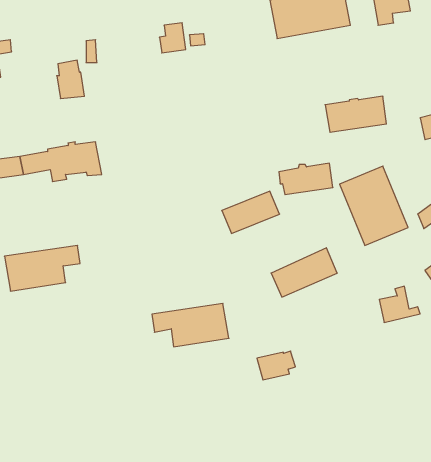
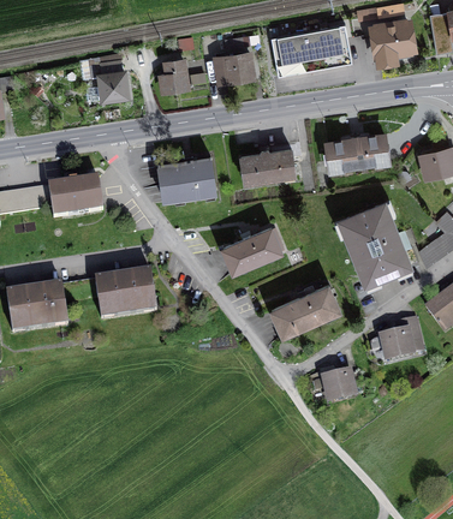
building: none -> [214,53,252,82]
building: [57,60,84,99] -> [99,60,126,99]
building: none -> [157,157,215,196]
building: [279,163,333,195] -> [240,149,294,180]
building: [152,303,229,347] -> [78,272,155,315]
building: [257,351,295,380] -> [322,371,360,400]

